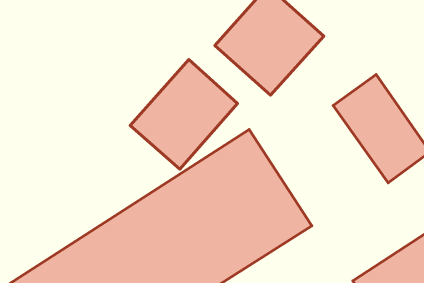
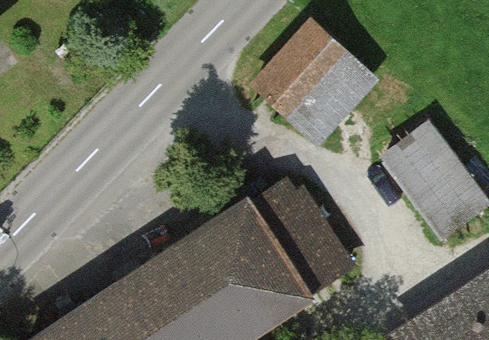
building: [130,60,238,169] -> none

